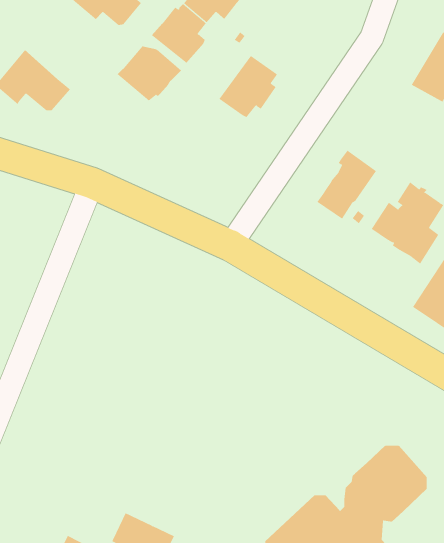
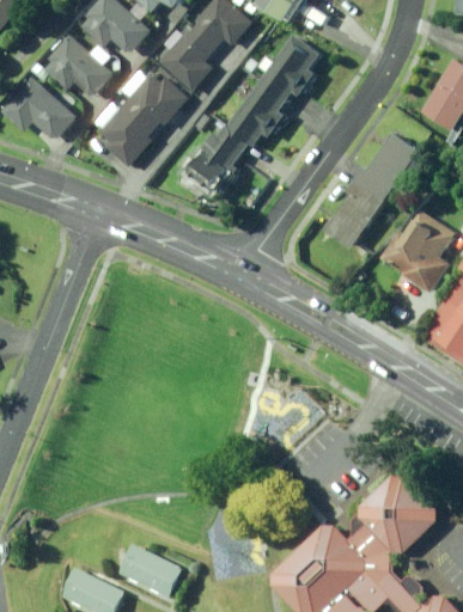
building: none -> [26,33,110,93]
building: none -> [256,33,318,100]
building: none -> [97,100,154,165]
building: none -> [181,124,249,198]
building: none -> [355,131,419,198]

